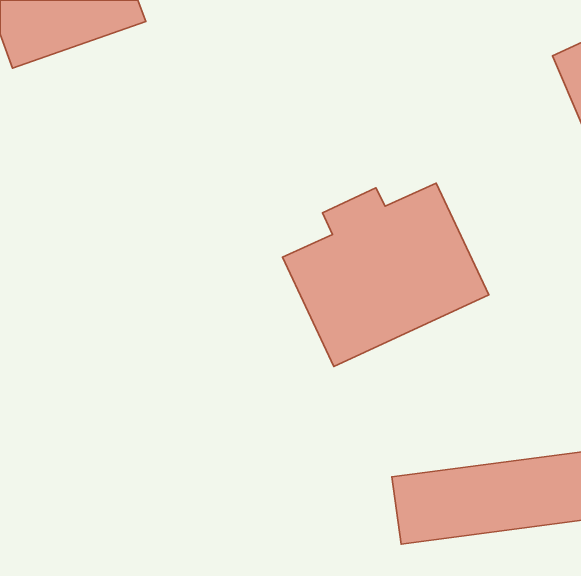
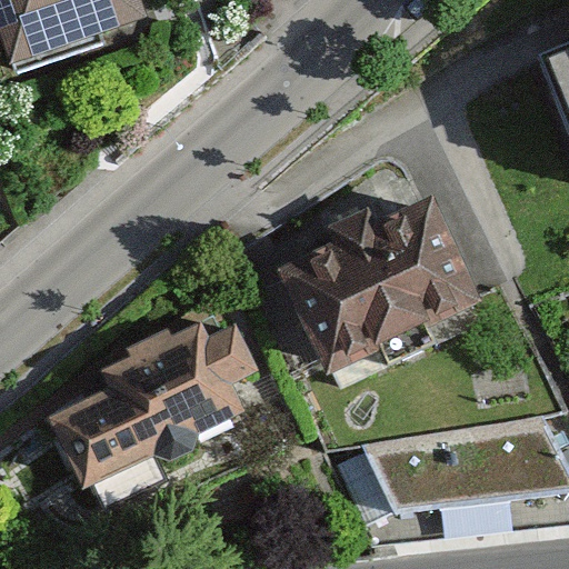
building: none -> [48,312,260,496]

